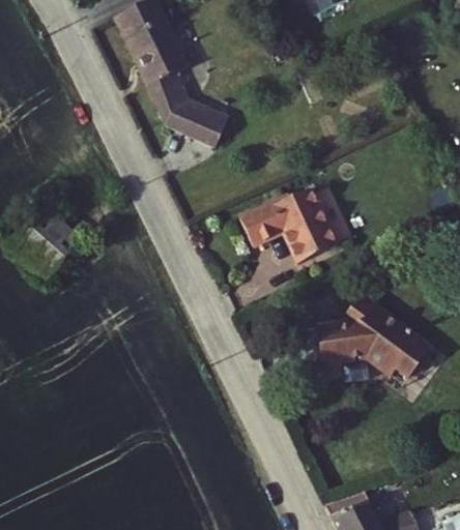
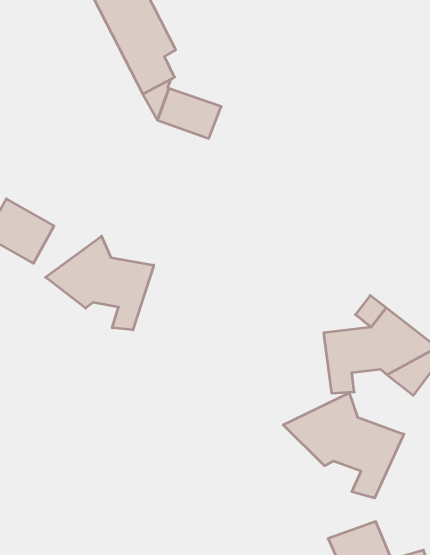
building: [241,185,338,261] -> none
building: none -> [45,236,154,330]
building: none -> [283,393,404,498]

